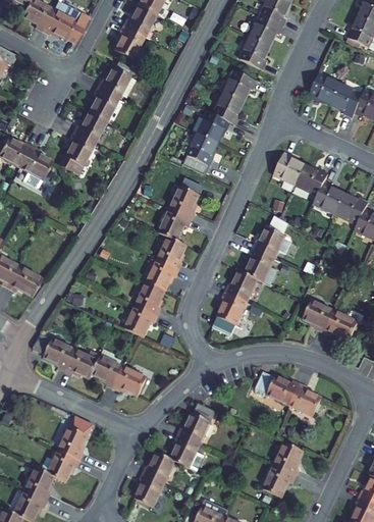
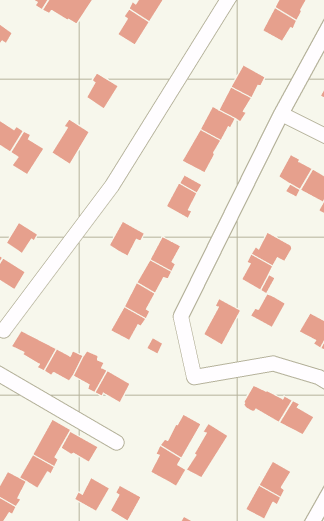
building: [238,37,269,68] -> none
building: [96,60,135,98] -> none
building: [72,110,105,143] -> none
building: [158,208,191,241] -> [109,221,144,256]
building: none -> [6,222,38,254]
building: [224,270,257,302] -> [250,294,286,328]
building: none -> [186,423,228,478]
building: none -> [61,431,98,462]
building: [142,452,174,483] -> [74,477,110,511]

